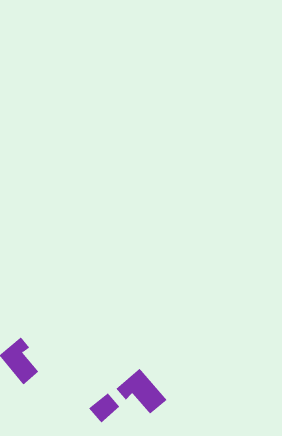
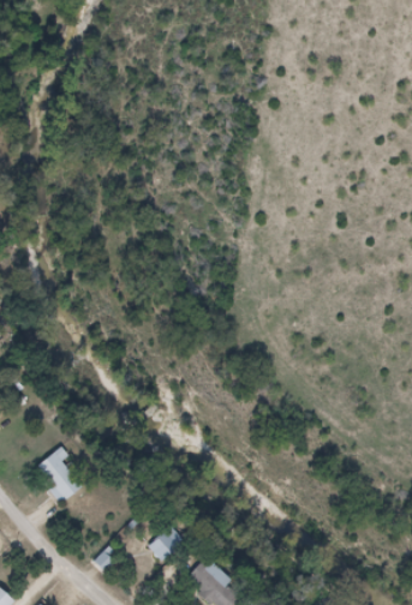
building: [115,368,168,415] -> none

